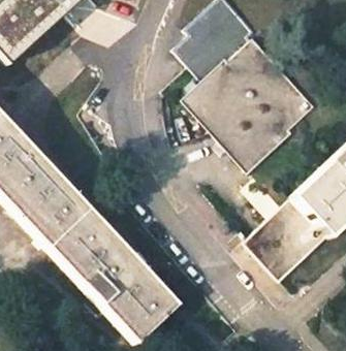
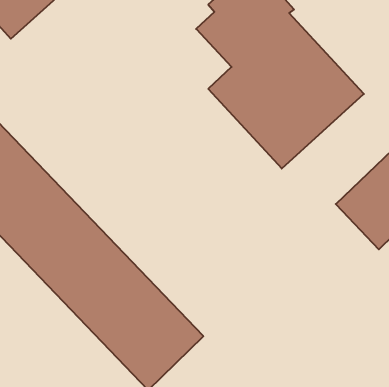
building: [250,191,332,273] -> none

